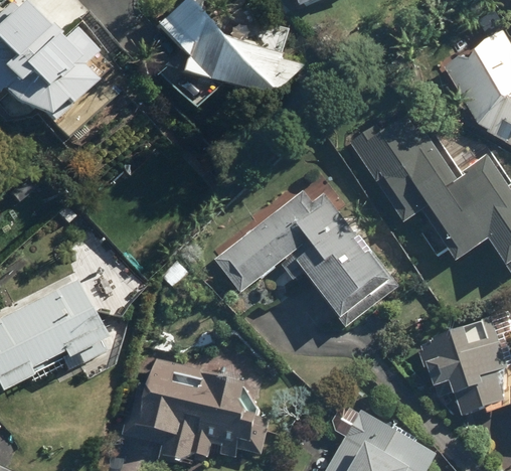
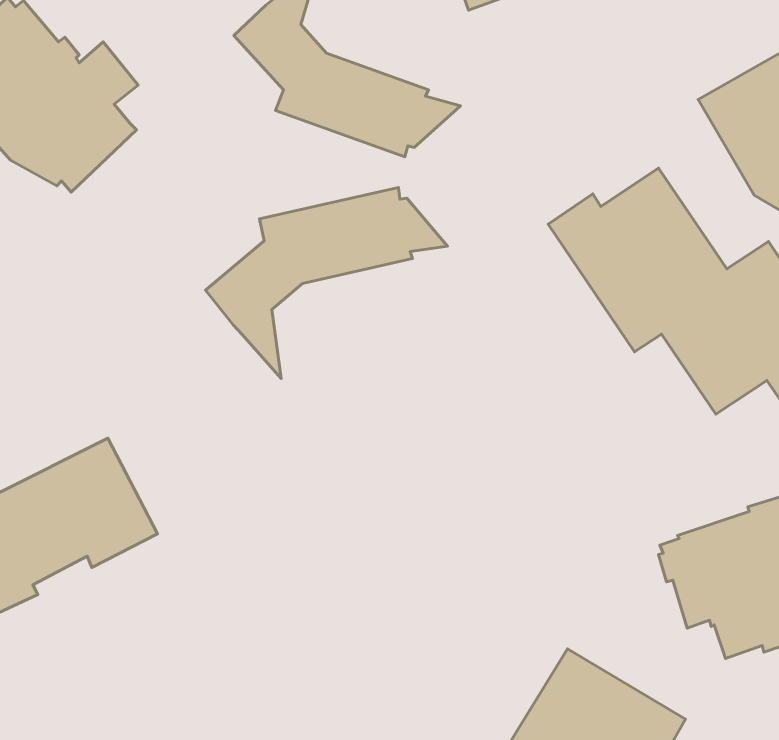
building: none -> [205,187,447,378]
building: [216,189,401,328] -> none
building: [123,355,270,462] -> none

